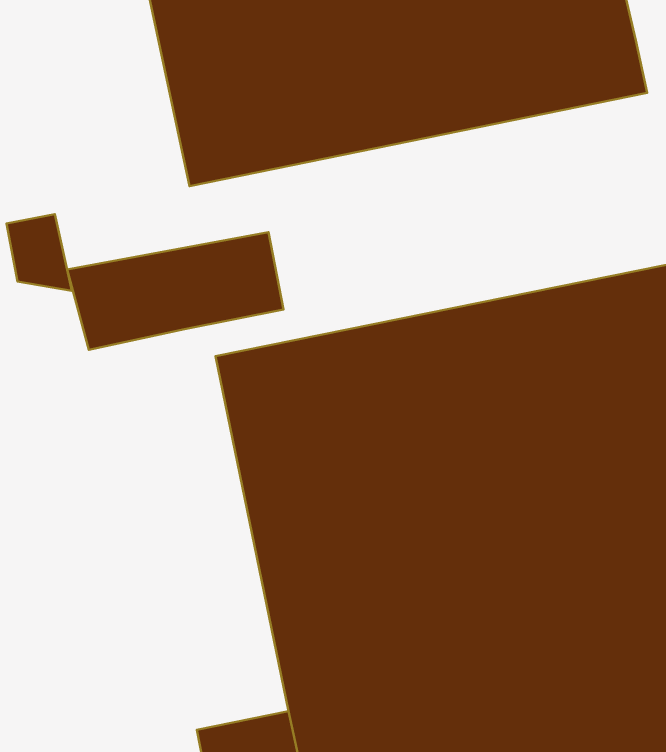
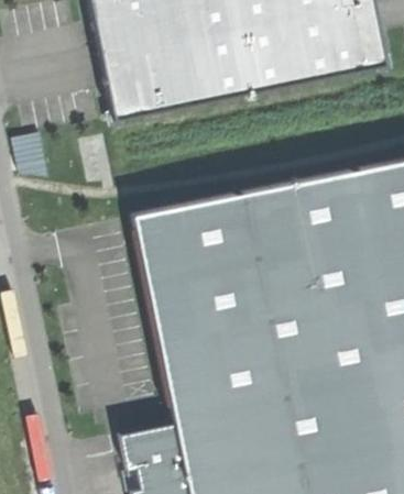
building: [67,232,283,350] -> none

